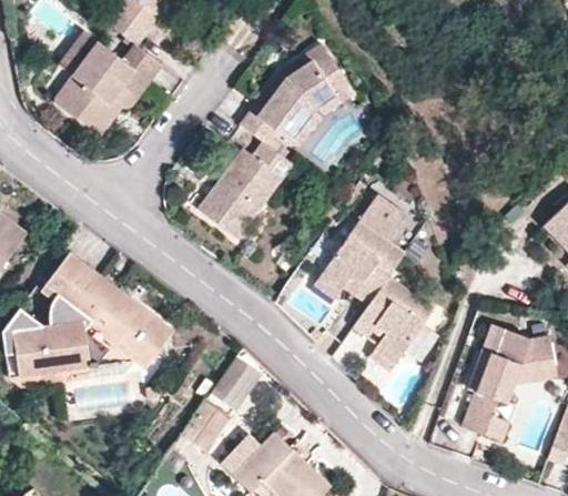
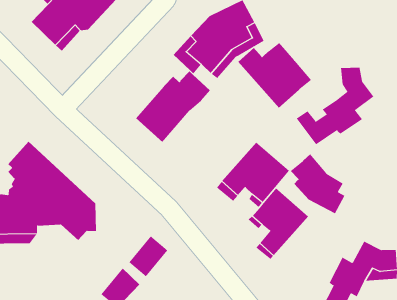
building: none -> [237,42,312,108]
building: none -> [296,67,374,145]
building: [358,193,407,242] -> none
building: none -> [290,153,345,214]

